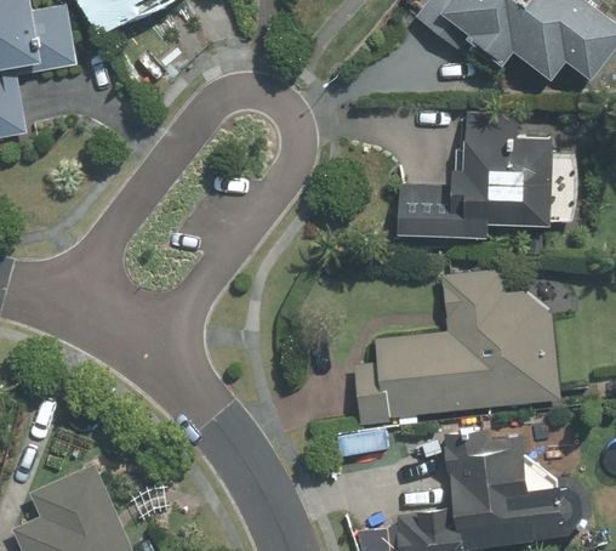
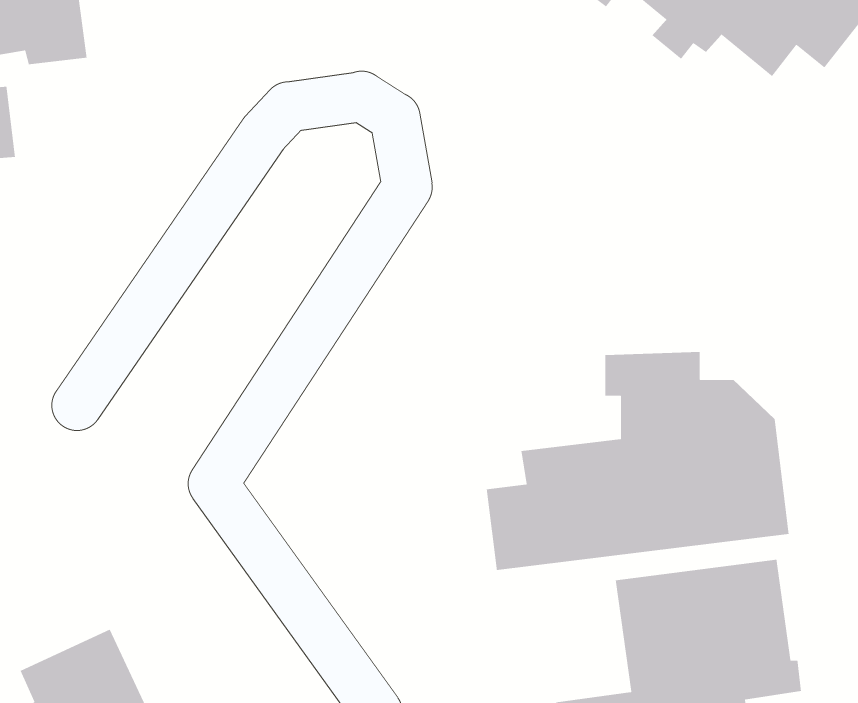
building: [395,112,580,239] -> none

